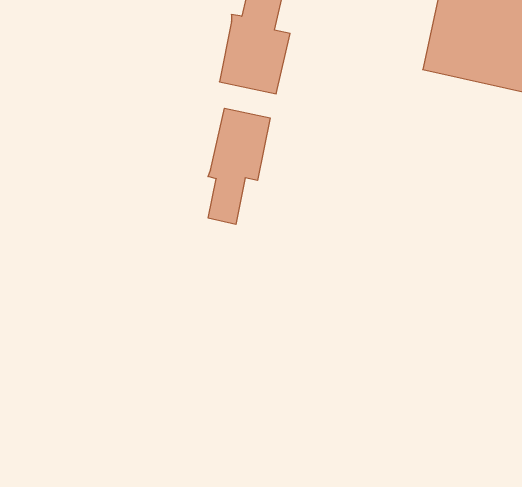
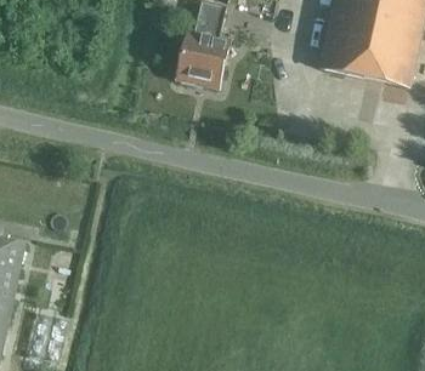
building: [208,108,270,224] -> none

